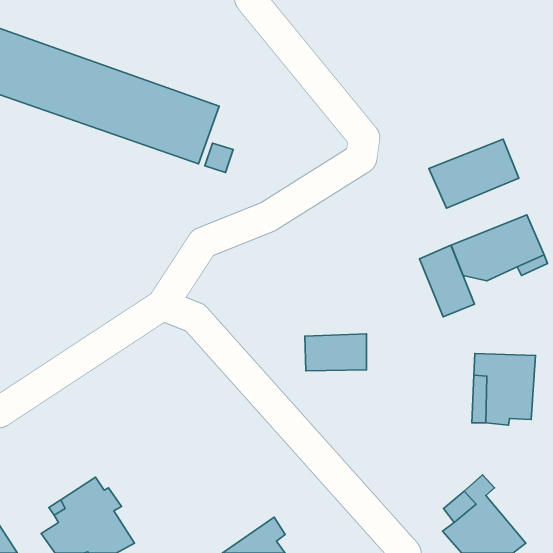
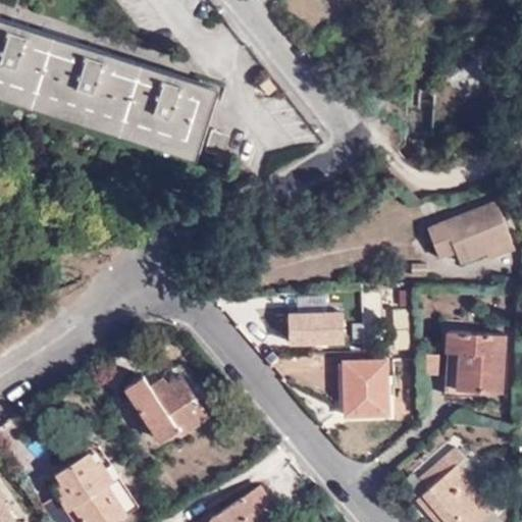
building: [429,139,519,208] -> none
building: [419,245,474,317] -> none
building: none -> [346,358,390,414]
building: none -> [125,374,210,438]

